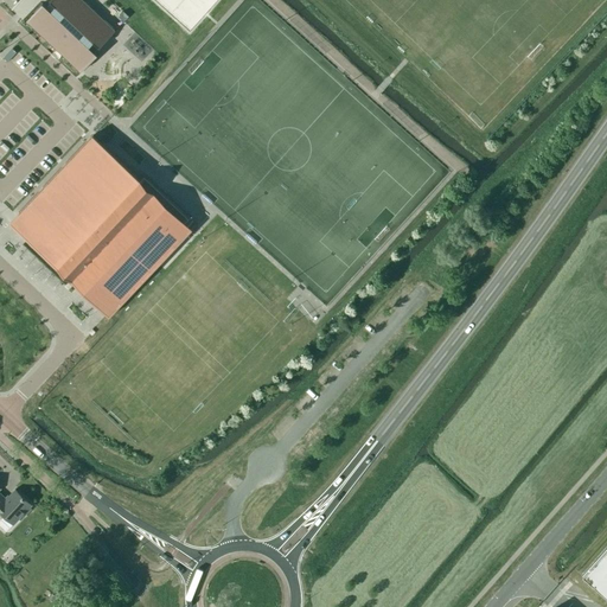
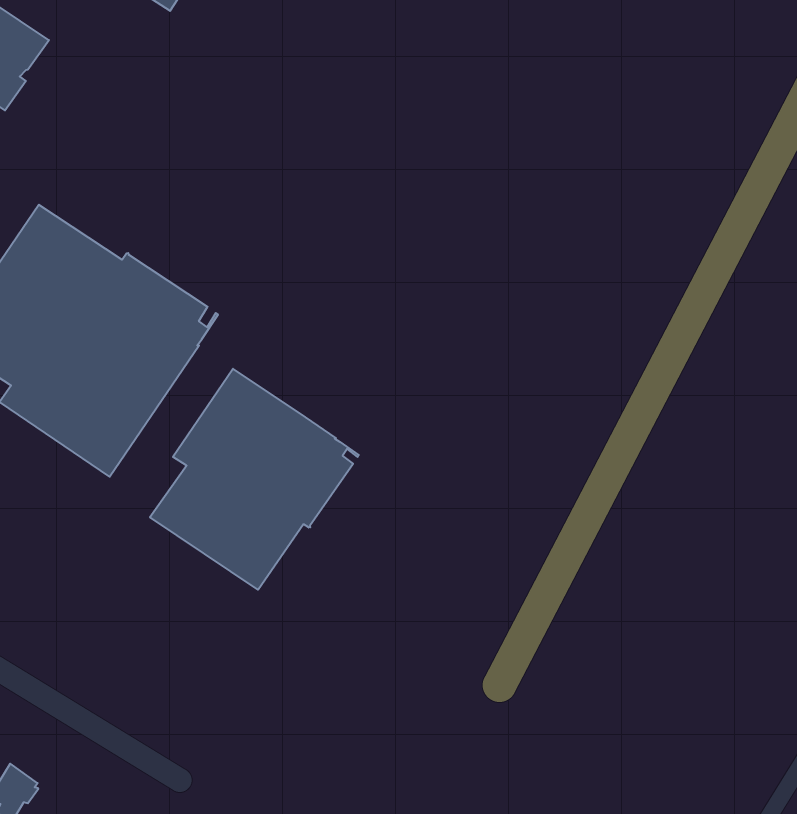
building: none -> [150,369,359,590]

